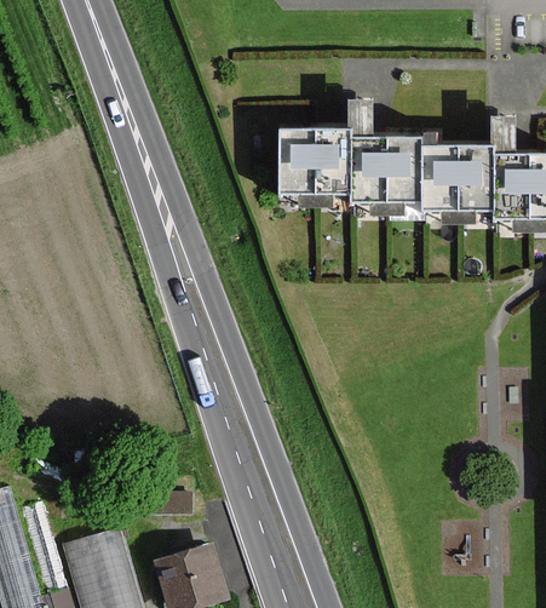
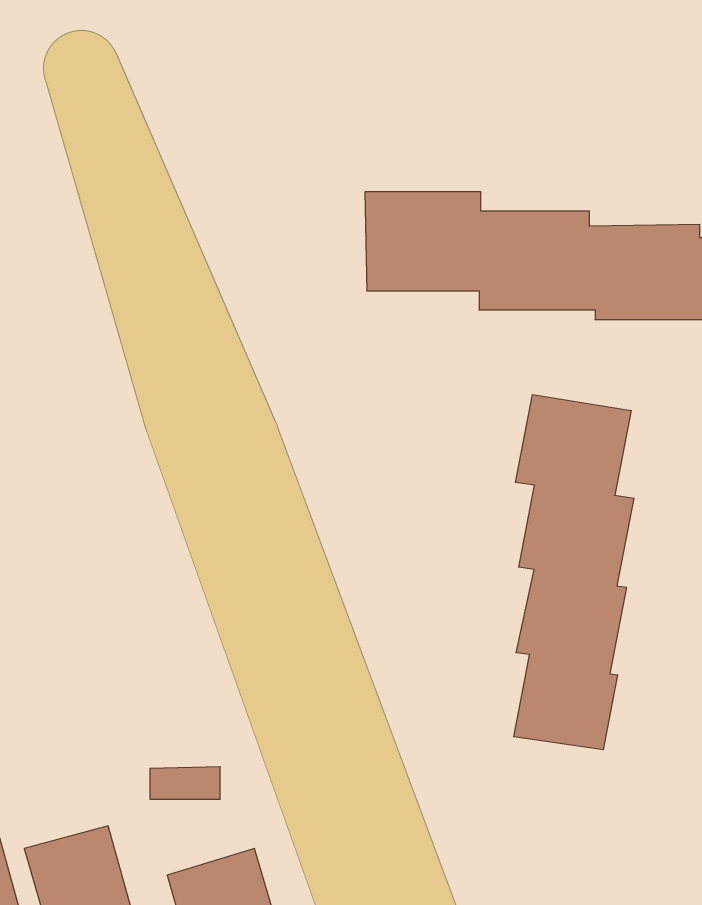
building: none -> [514,395,634,750]

